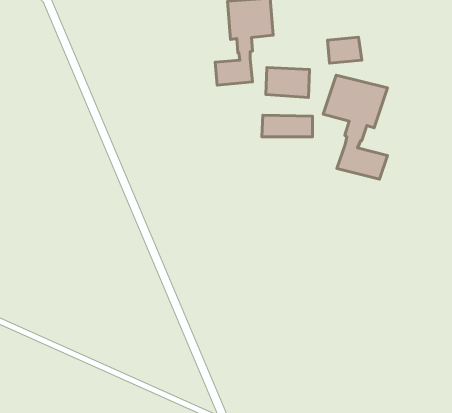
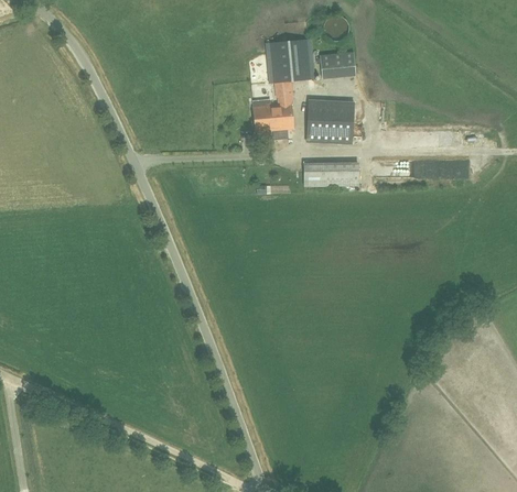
building: [327,37,362,63] -> [320,48,356,76]
building: [323,75,388,179] -> none

